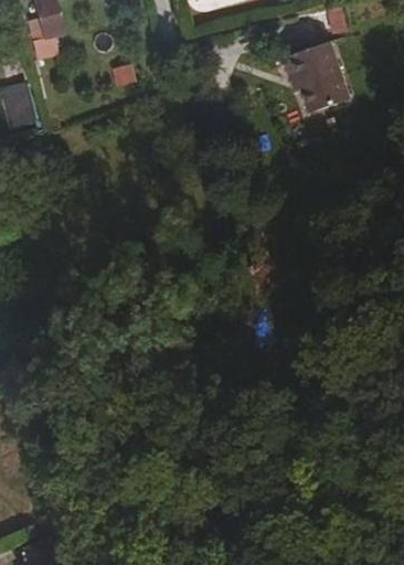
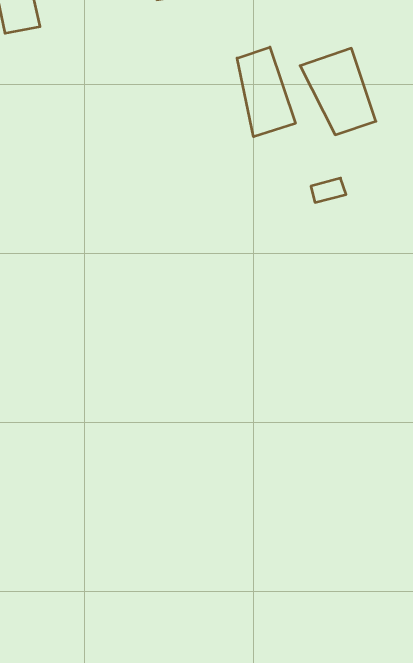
building: none -> [237,47,295,137]

